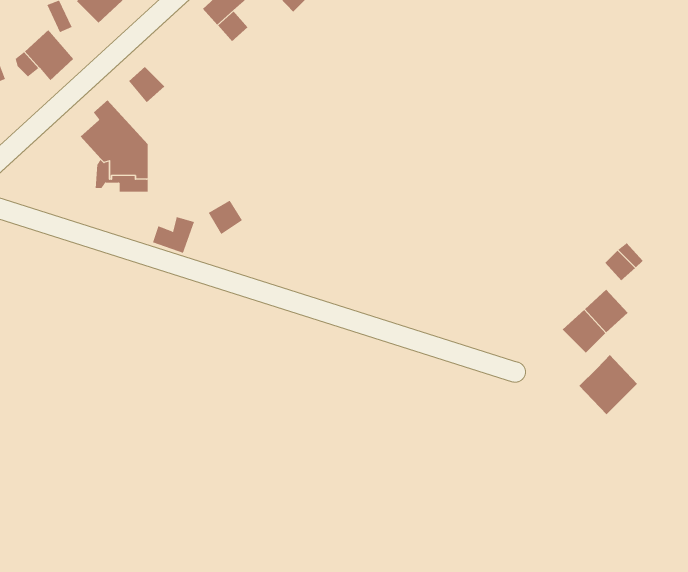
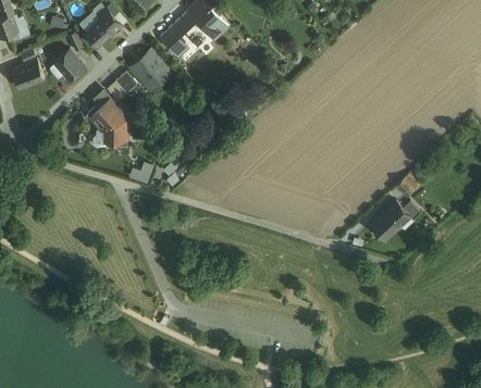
building: none -> [132,52,168,88]
building: [578,354,638,415] -> none

